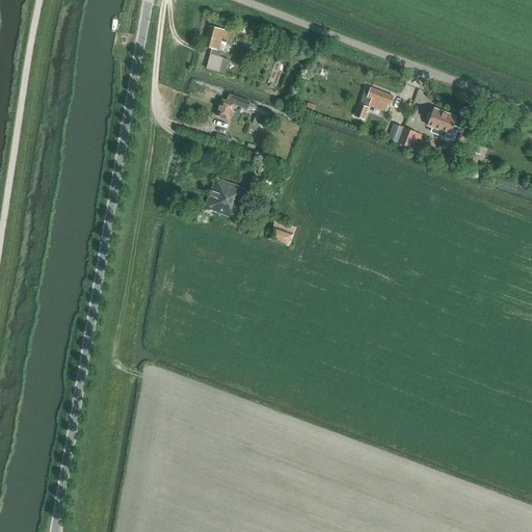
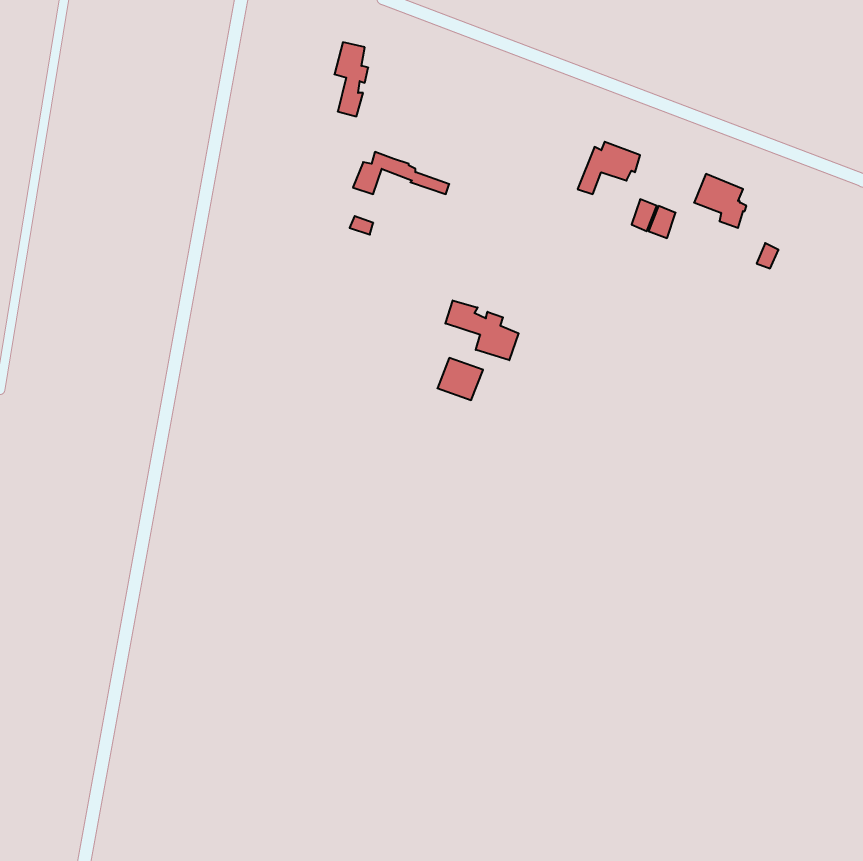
building: [206,178,245,218] -> none
building: none -> [445,300,519,360]

